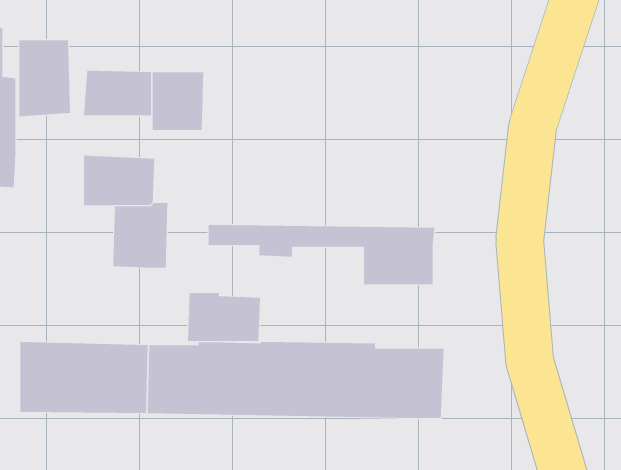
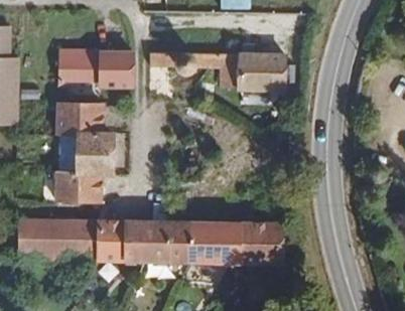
building: [19,40,71,117] -> none
building: [208,224,435,285] -> [144,53,284,91]
building: [187,293,261,342] -> [55,170,101,200]

